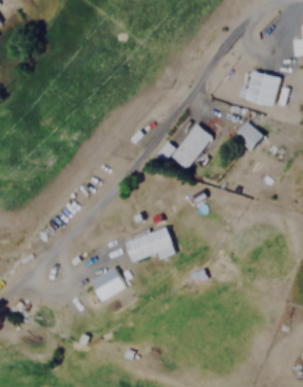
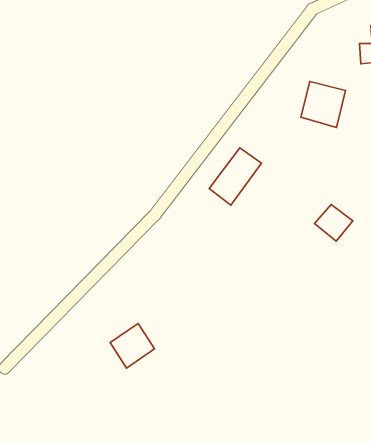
building: [234,121,265,151] -> [315,204,353,241]
building: [123,224,174,260] -> none

